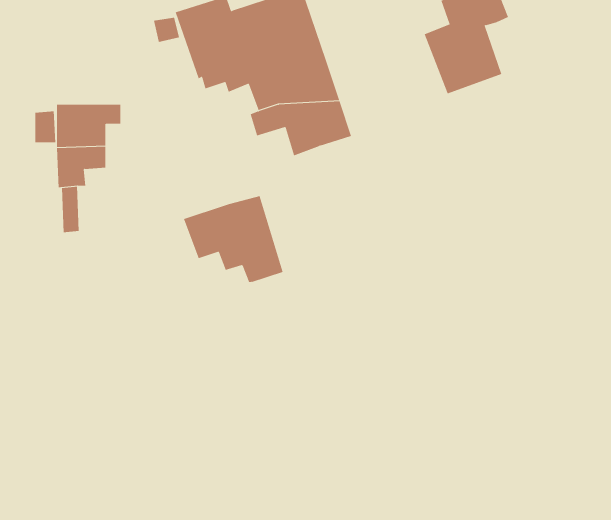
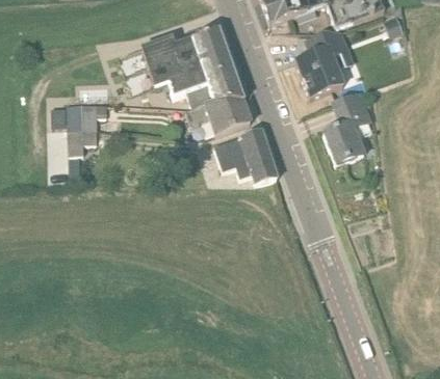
building: none -> [322,91,371,164]
building: [183,195,283,282] -> [213,130,276,184]

